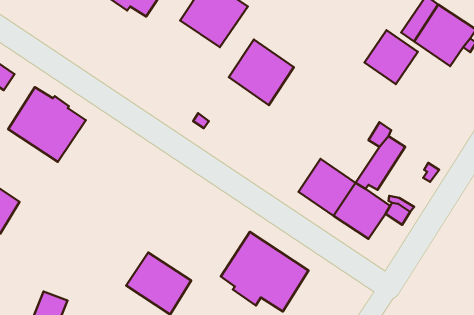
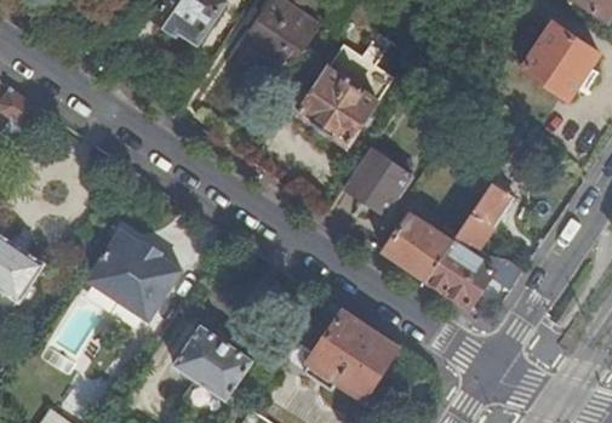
building: none -> [328,42,393,99]
building: [365,30,418,84] -> none
building: [8,87,86,162] -> [86,229,181,320]
building: none -> [343,145,412,215]

